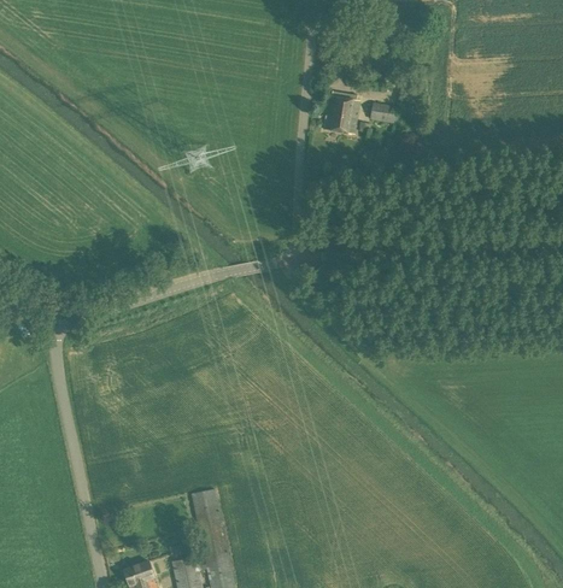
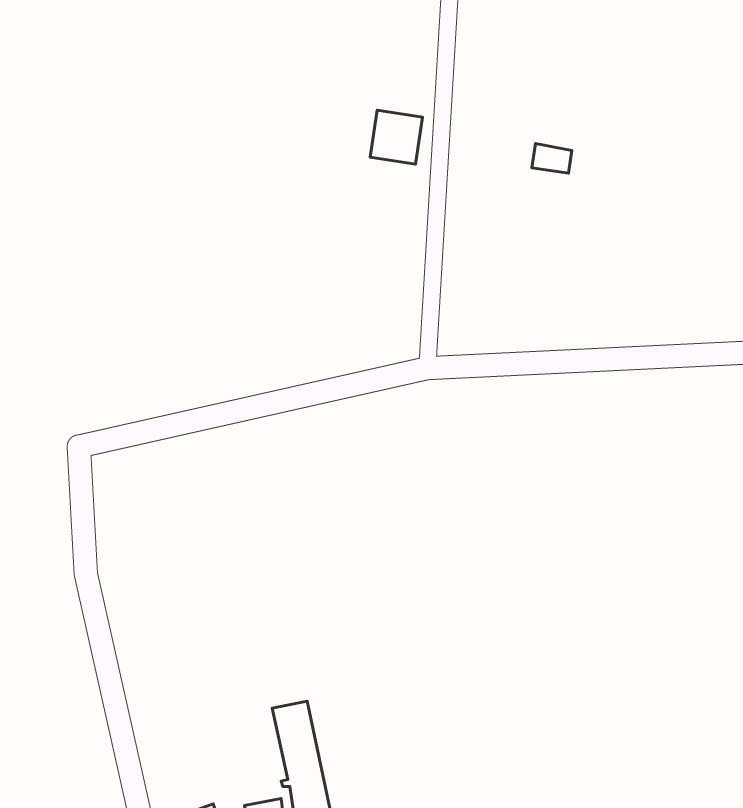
building: [323,95,359,133] -> [370,110,423,164]

